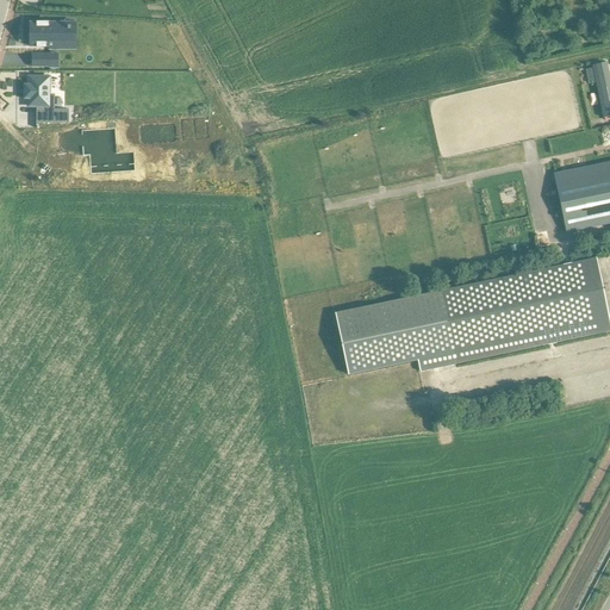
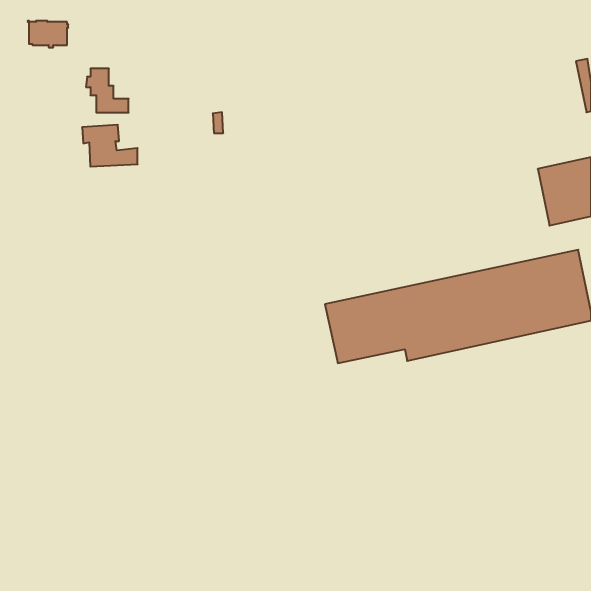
building: [25,77,69,123] -> [86,69,129,113]

